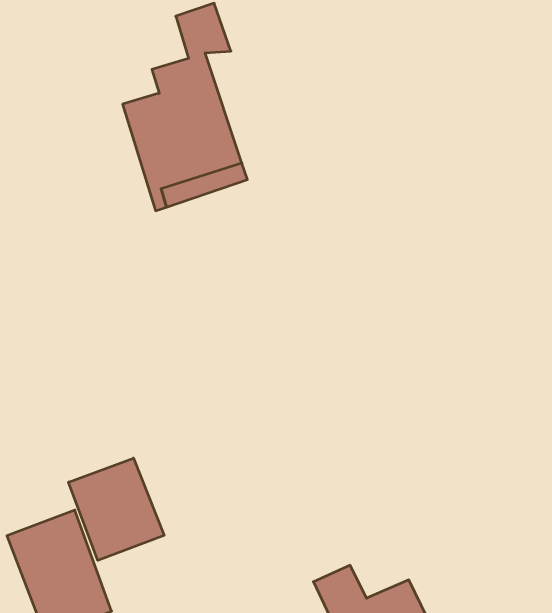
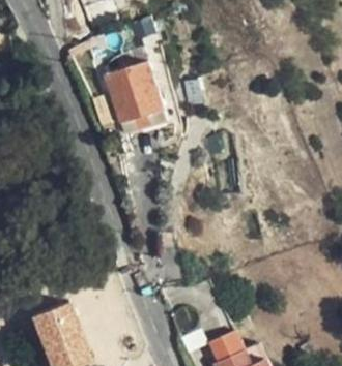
building: [69,458,164,560] -> none

